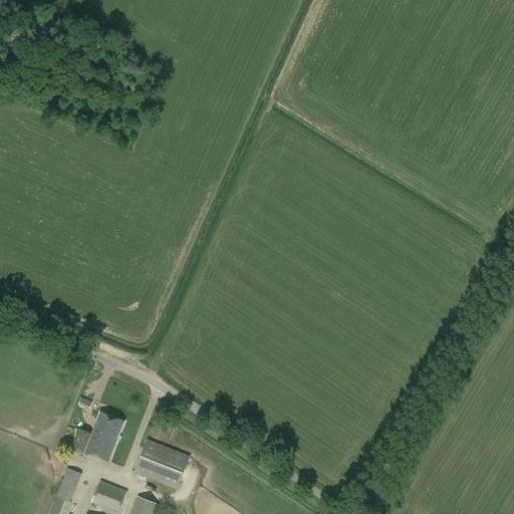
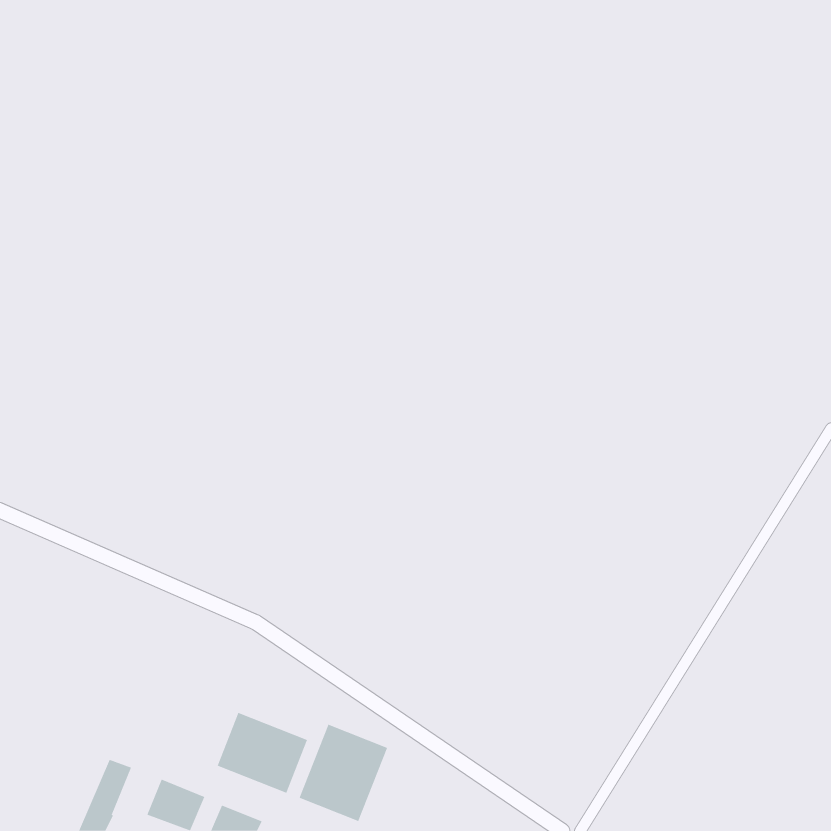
building: [71,412,132,465] -> none
building: none -> [299,724,388,822]

